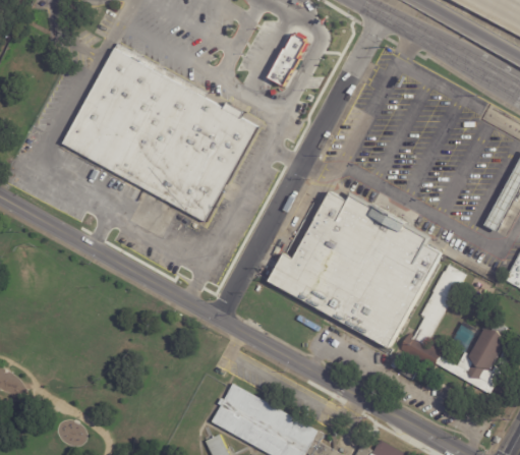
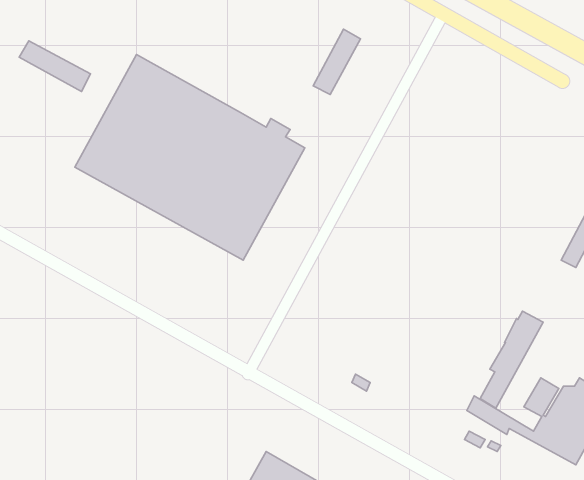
building: none -> [19,41,90,91]
building: [265,192,437,348] -> none

